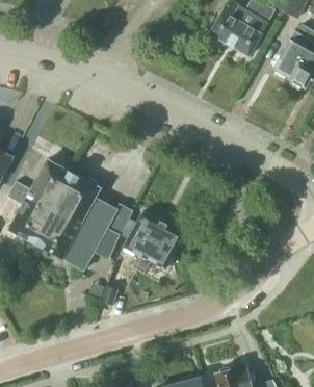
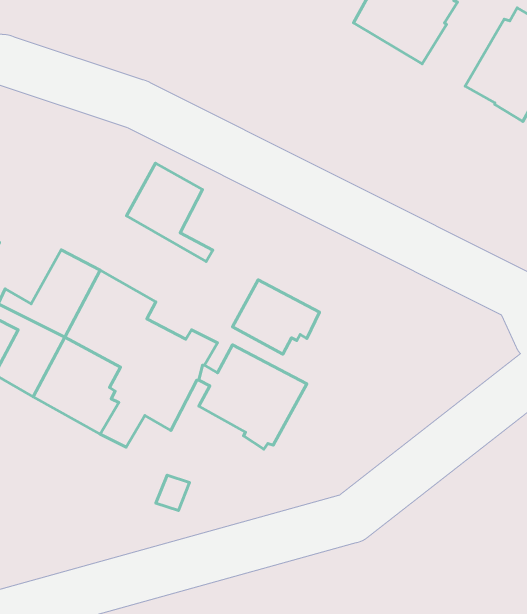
building: none -> [127,163,213,261]
building: none -> [232,280,320,354]

